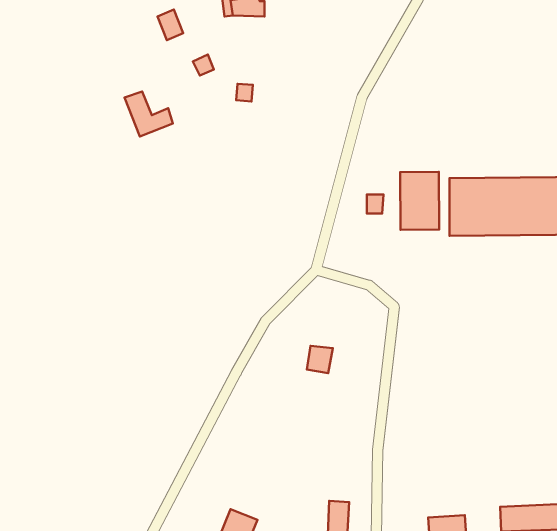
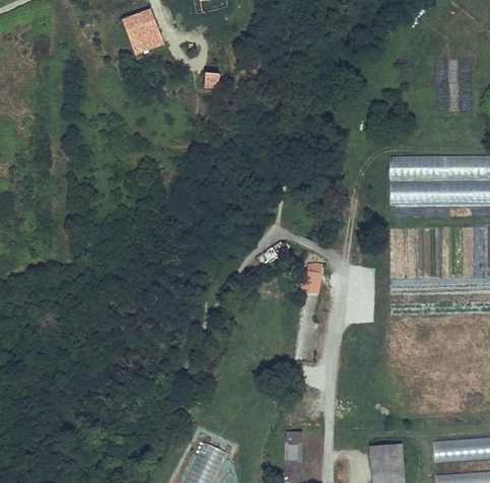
building: [125,92,173,136] -> [122,16,164,55]
building: [400,172,439,230] -> none
building: [307,346,333,373] -> [300,271,322,294]

